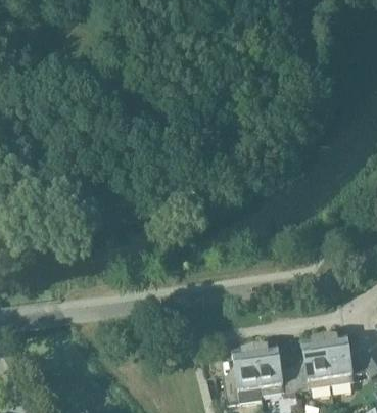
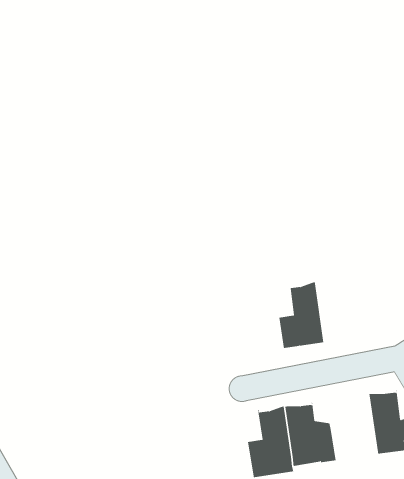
building: [292,335,330,391] -> [278,282,324,349]

